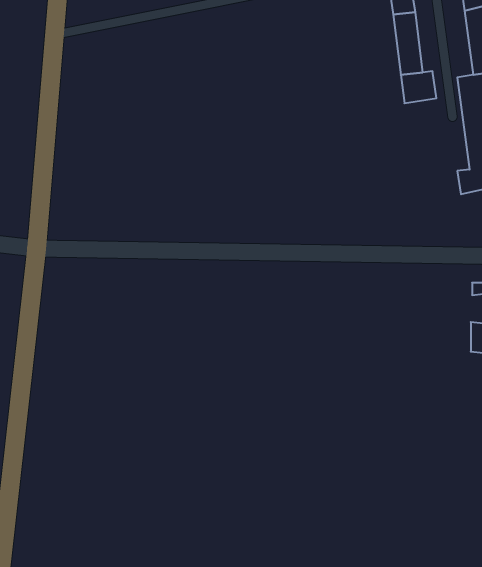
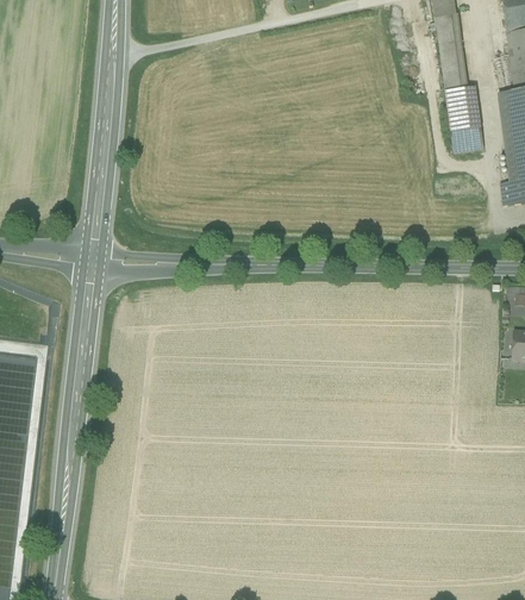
building: none -> [448,113,483,152]

